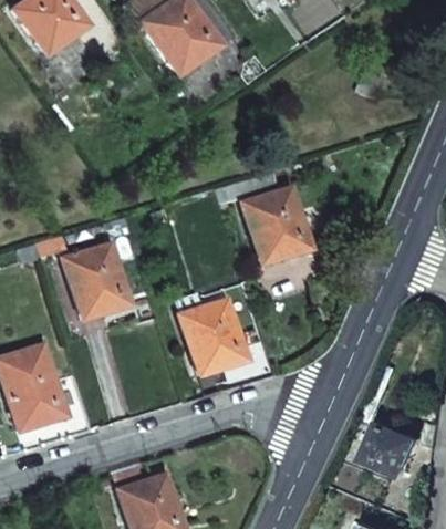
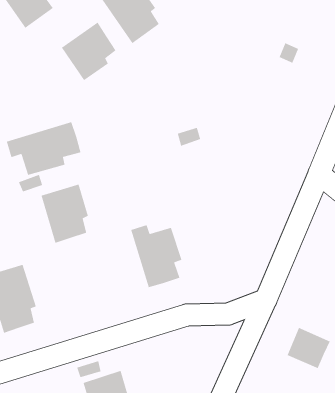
building: none -> [61,22,117,81]
building: none -> [6,121,82,176]
building: [243,188,303,263] -> none

